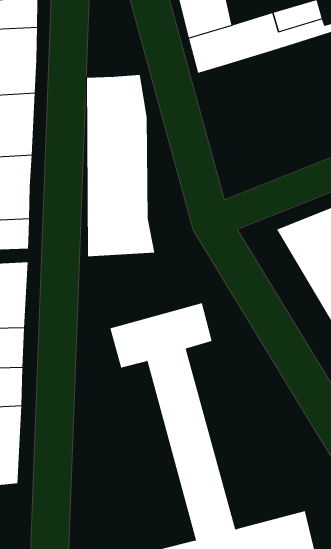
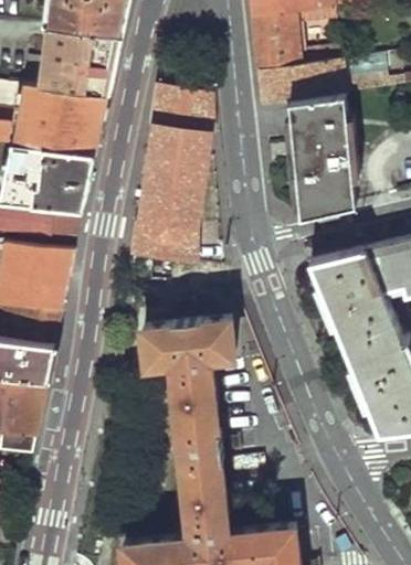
building: none -> [286,92,352,214]

